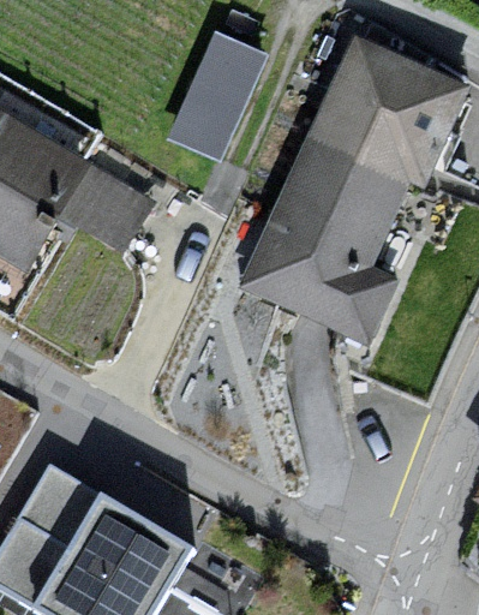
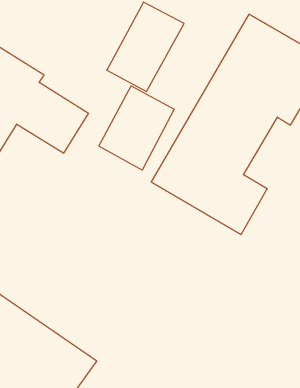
building: none -> [99,86,174,170]

